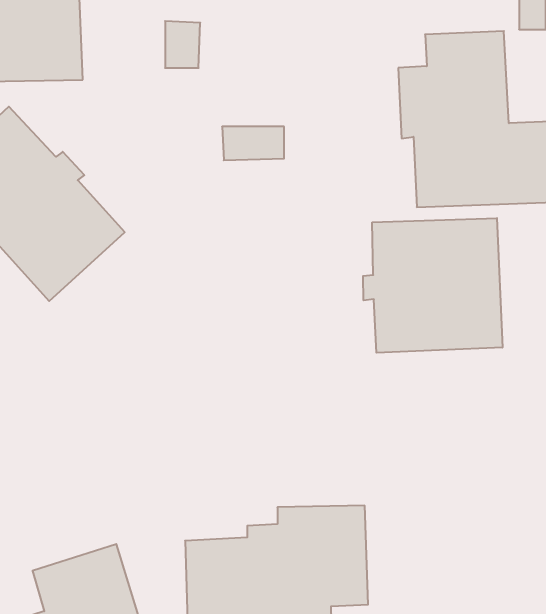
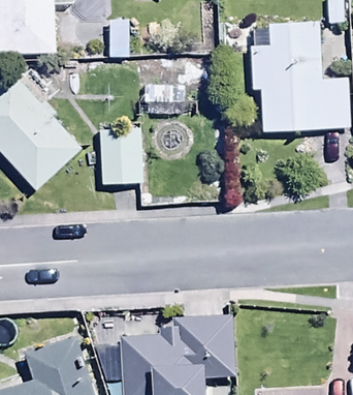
building: none -> [100,127,141,182]
building: [363,218,502,353] -> none

